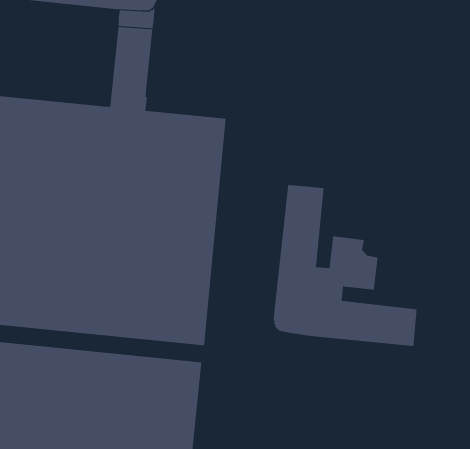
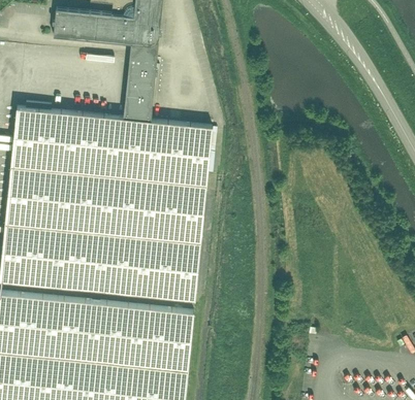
building: [273,184,417,347] -> none

